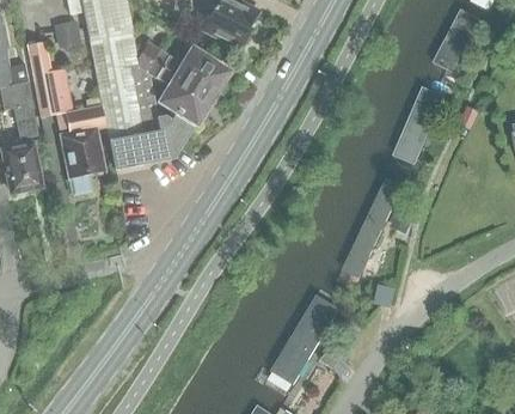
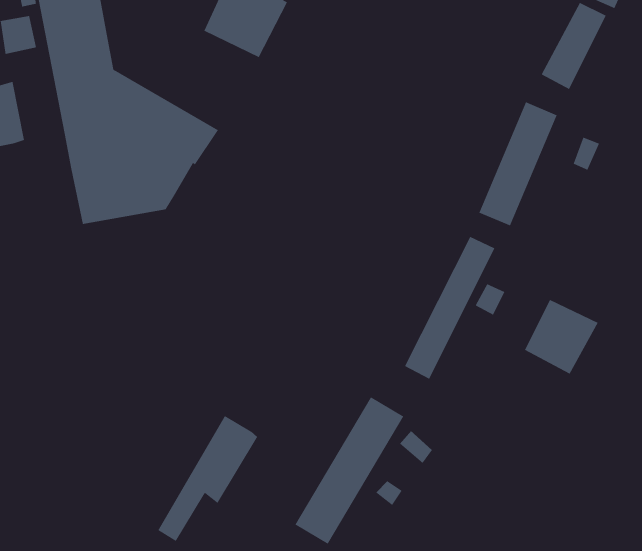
building: [136,41,231,102] -> none
building: [61,104,105,197] -> none
building: none -> [524,299,599,375]
building: none -> [157,415,258,542]

